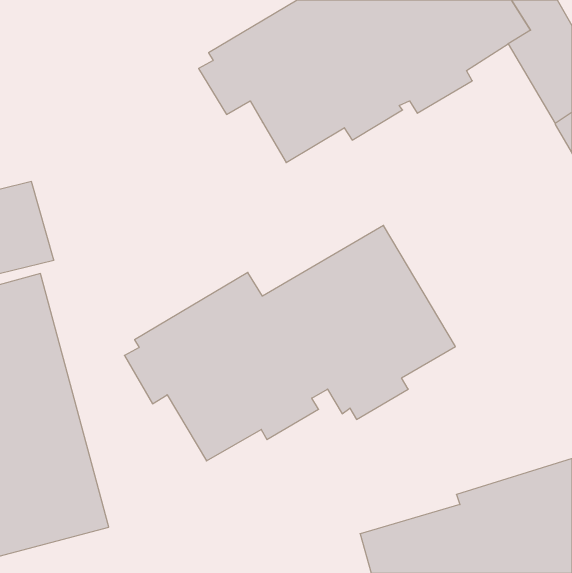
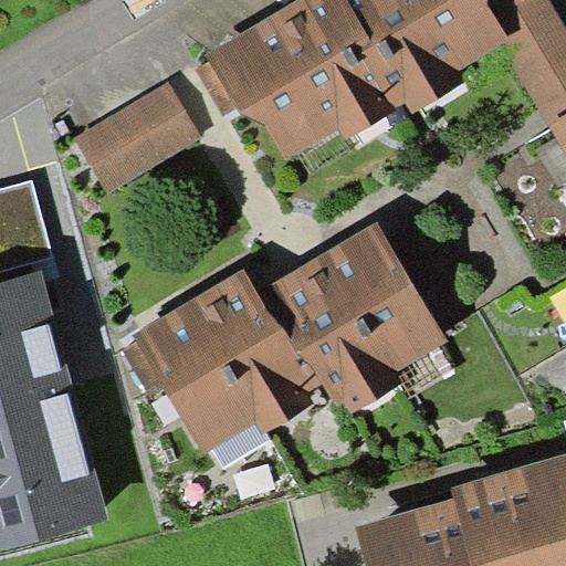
building: none -> [74,81,201,191]

